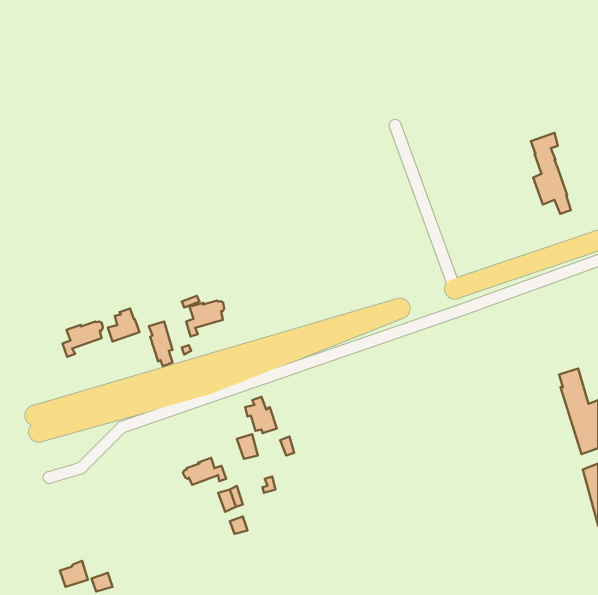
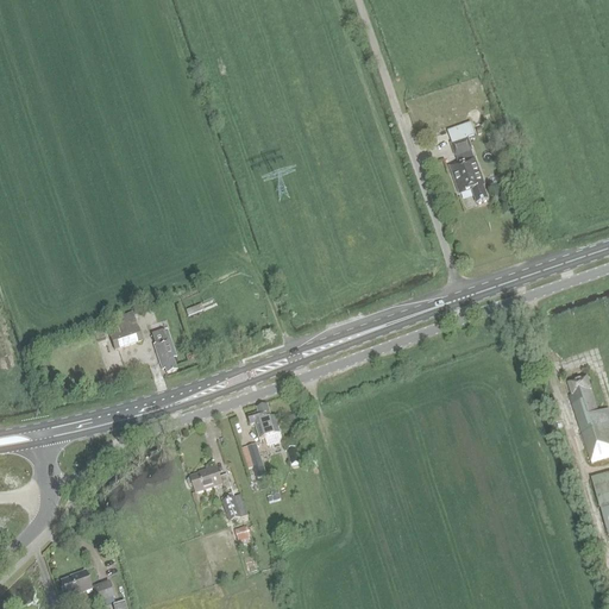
building: [531,133,571,214] -> [446,119,486,201]
building: [186,301,224,337] -> none
building: [63,321,103,357] -> none

